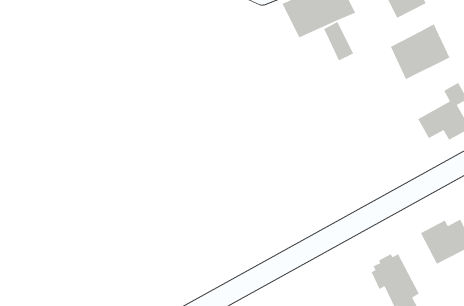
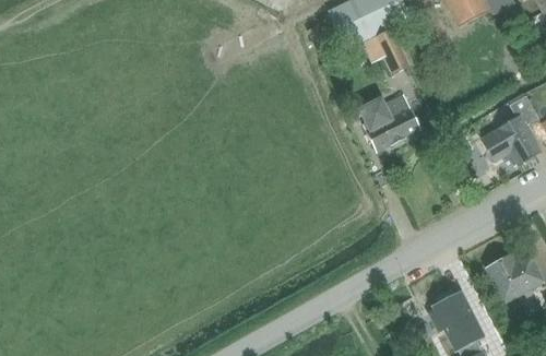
building: [390,23,451,80] -> none
building: none -> [359,92,423,152]

